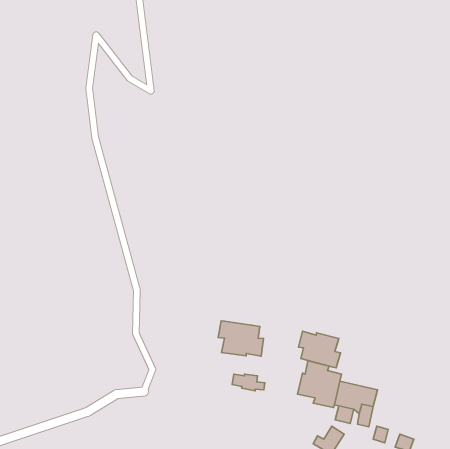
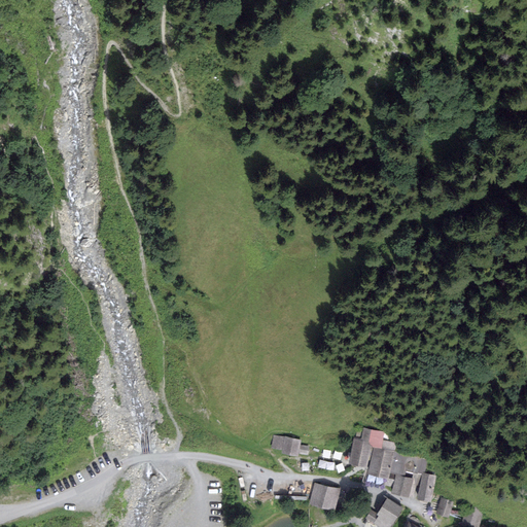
building: [218,321,263,356] -> none
building: [298,331,341,368] -> none
building: none -> [309,484,339,510]

